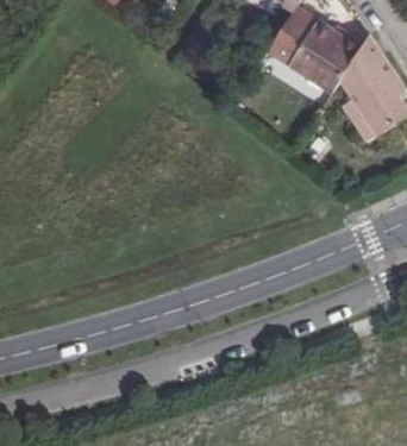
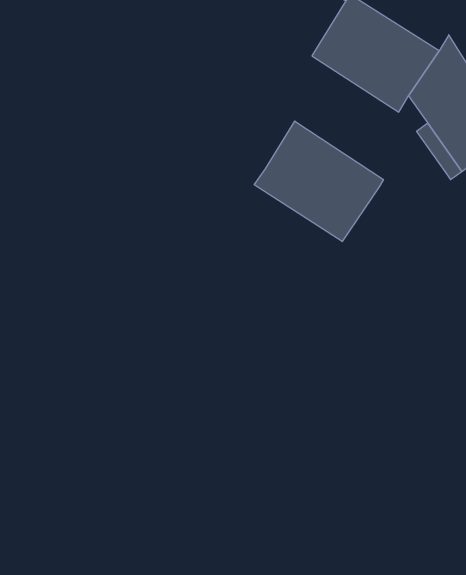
building: none -> [254,121,383,242]

